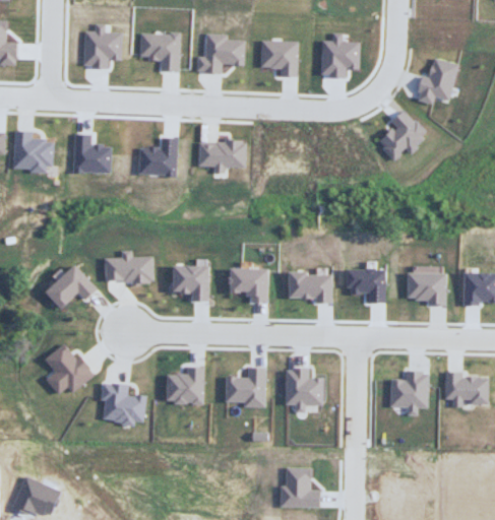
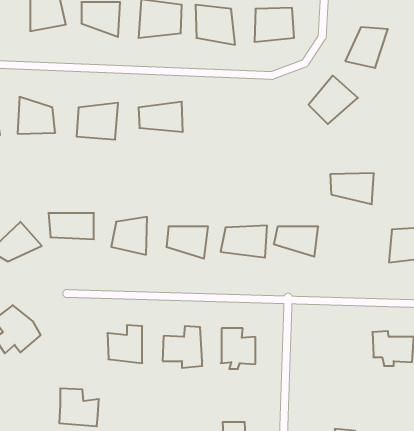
building: [404,272,449,305] -> [330,173,374,204]
building: [387,376,427,422] -> none
building: [102,389,143,429] -> [59,388,99,426]

